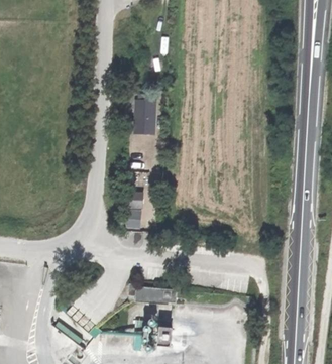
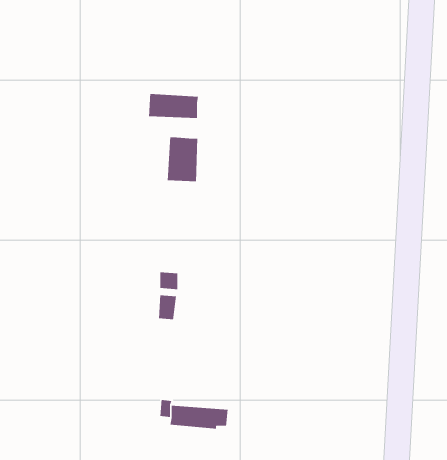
building: none -> [148,93,199,119]

